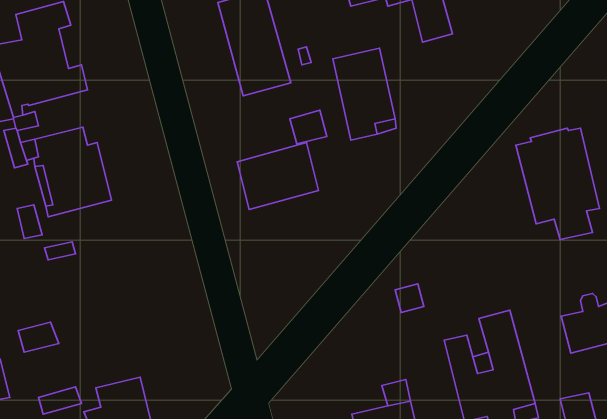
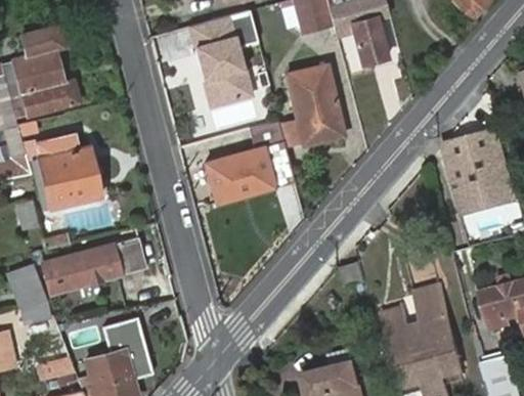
building: none -> [43,237,148,292]
building: none -> [7,265,46,308]
building: none -> [103,317,146,351]

